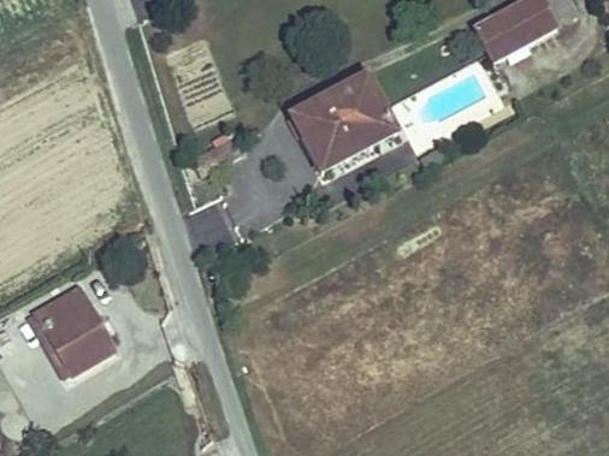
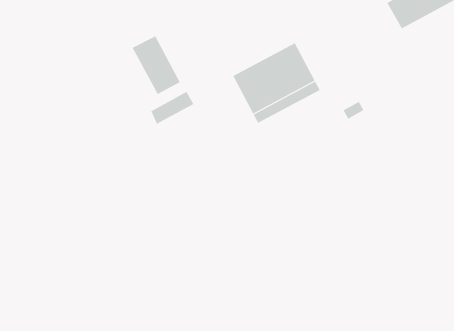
building: none -> [132,35,181,95]
building: [43,284,110,366] -> none

